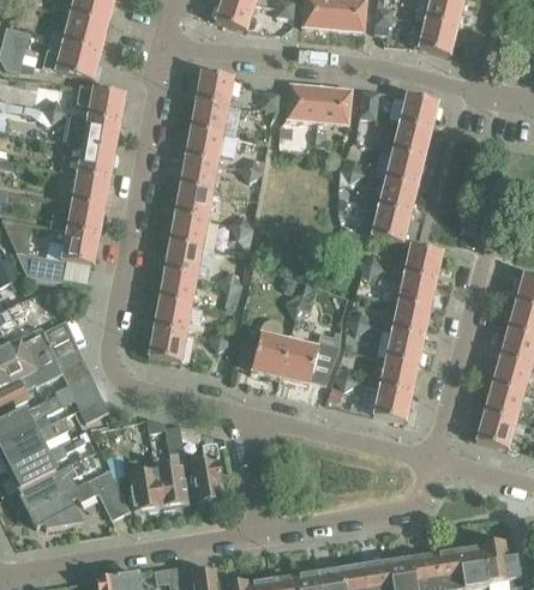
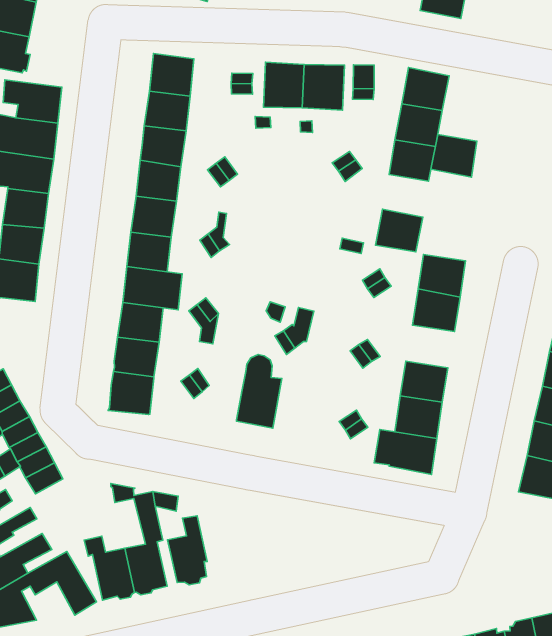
building: [378,179,416,215] -> [431,134,477,177]
building: [390,301,431,337] -> none
building: [280,331,341,385] -> none

